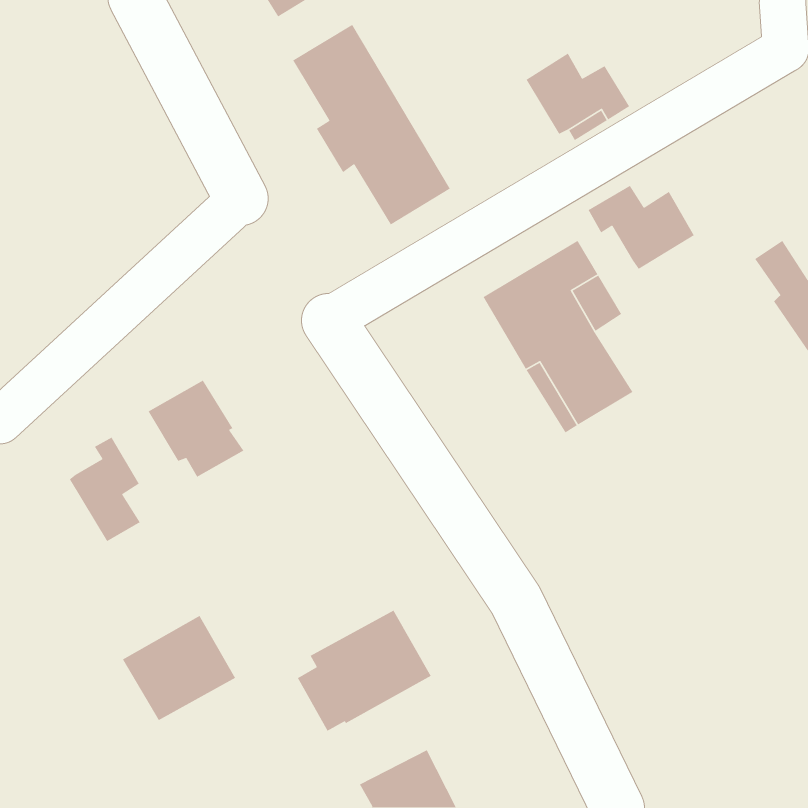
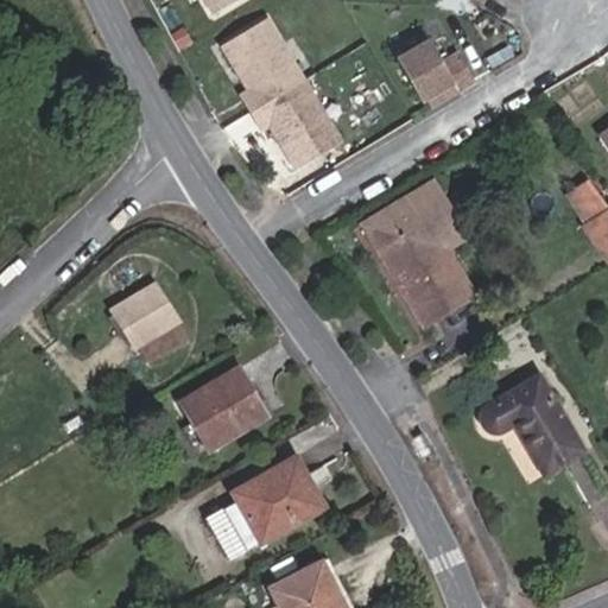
building: [588,185,695,270] -> none
building: [69,436,141,542] -> none
building: none -> [483,374,584,473]
building: [122,615,236,721] -> [180,367,266,446]

